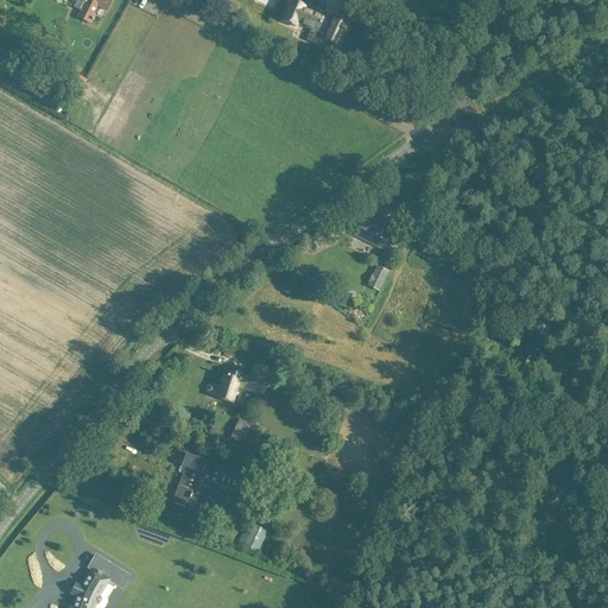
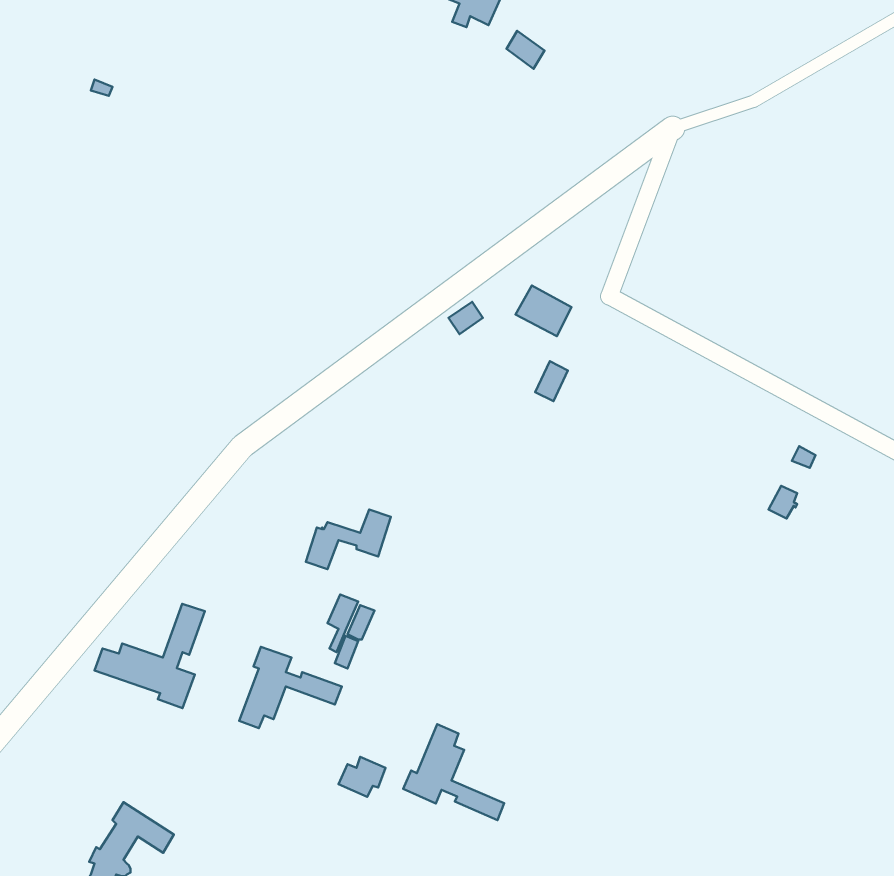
building: none -> [95,604,205,708]
building: none -> [403,724,504,820]

